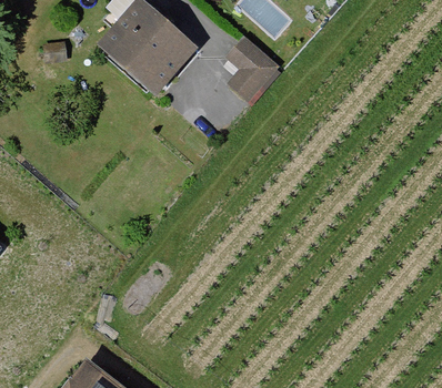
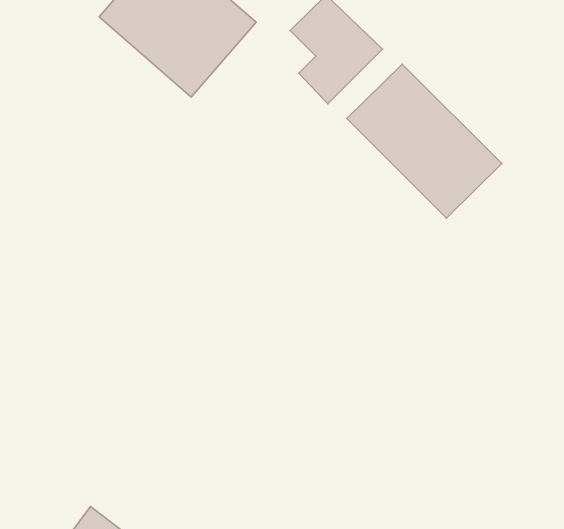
building: none -> [347,64,502,218]

